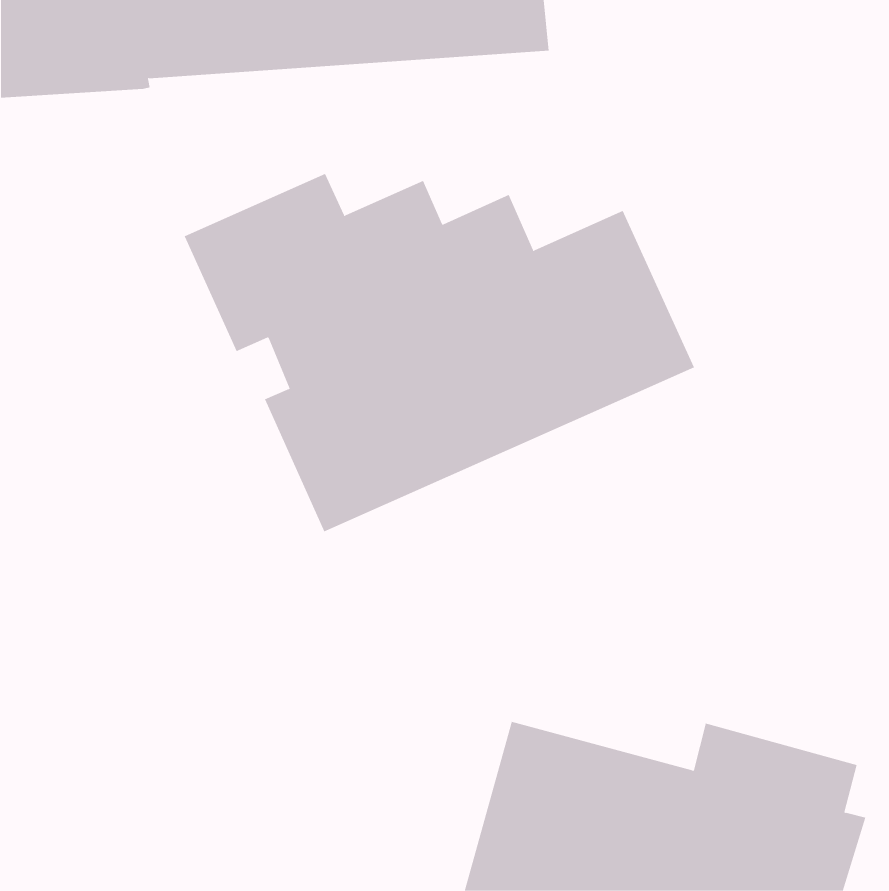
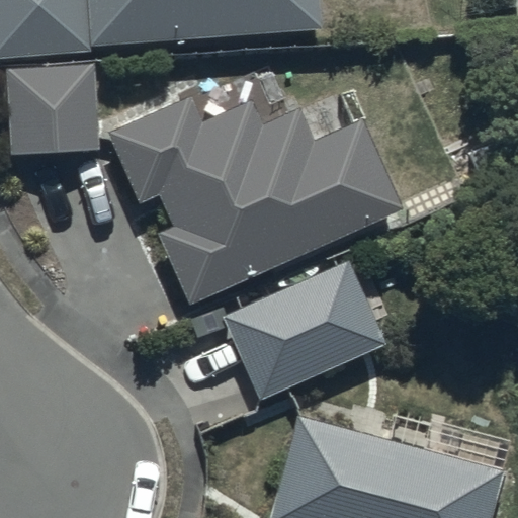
building: none -> [7,65,97,155]
building: none -> [225,261,384,399]

